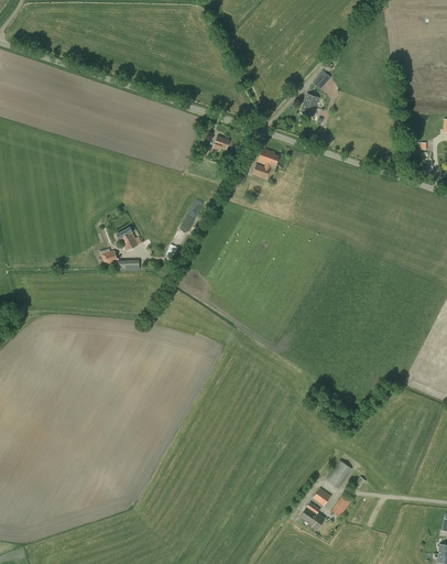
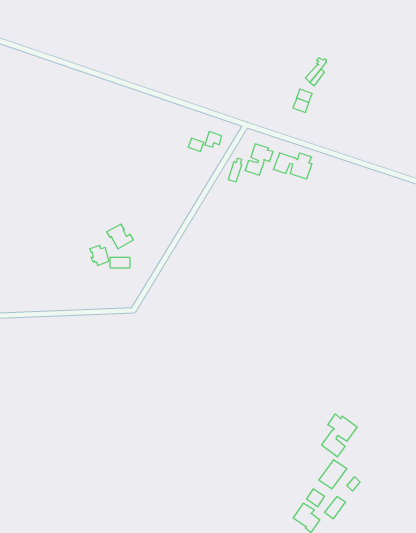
building: none -> [274,153,312,179]
building: none -> [322,414,357,457]

